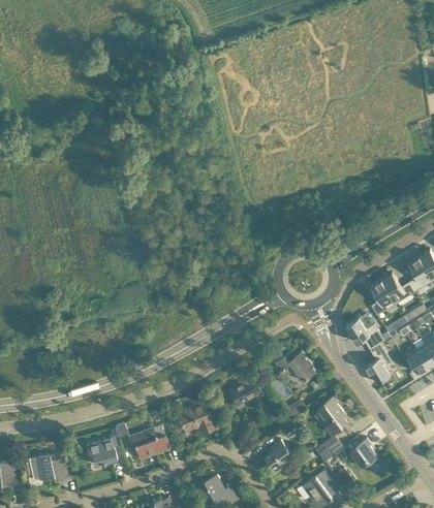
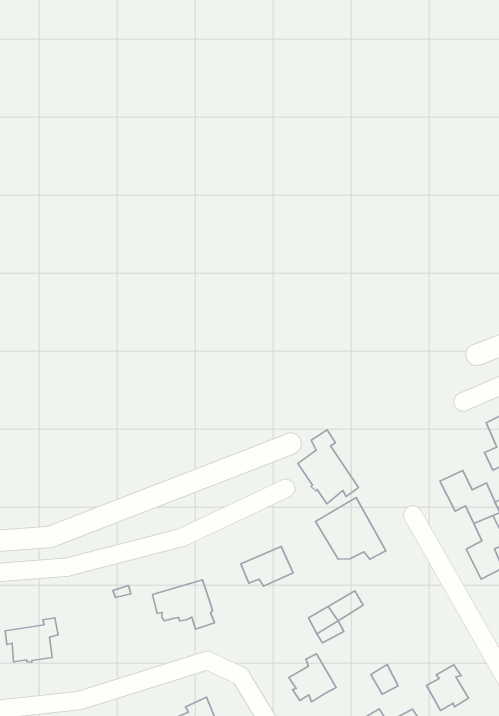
building: none -> [298,430,358,504]
building: [318,395,347,436] -> none
building: [128,426,169,459] -> none

